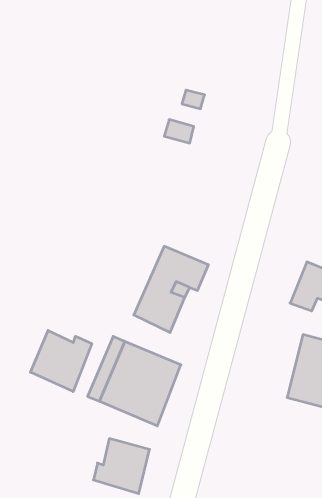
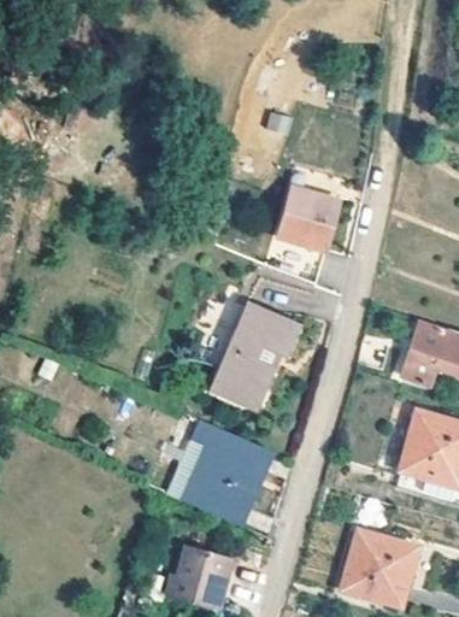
building: none -> [281,189,340,251]
building: [30,330,92,392] -> none
building: none -> [345,531,417,605]

